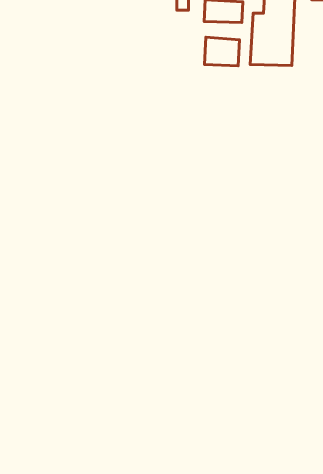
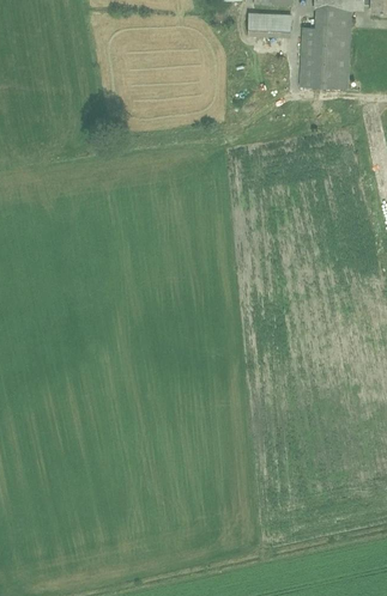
building: [204,37,239,66] -> none

